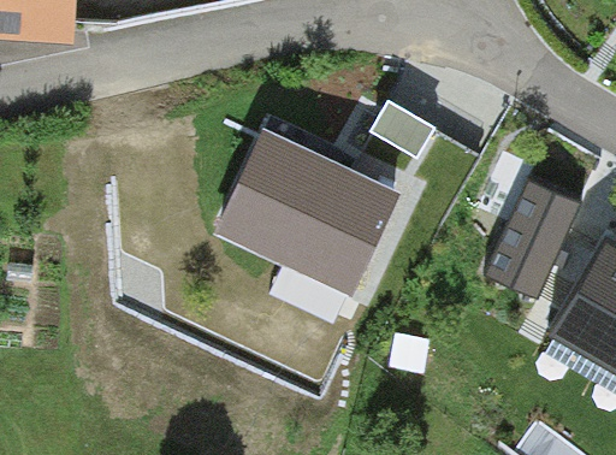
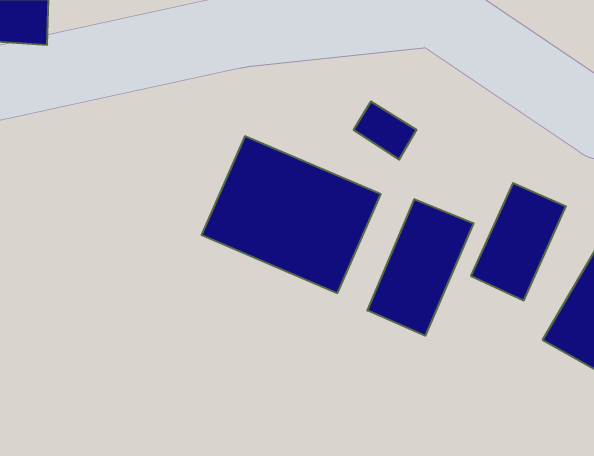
building: none -> [367,199,473,336]

